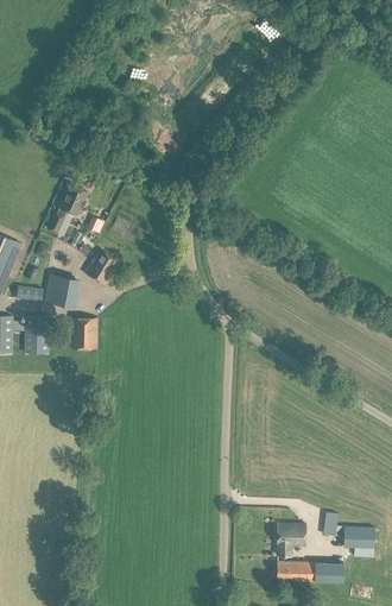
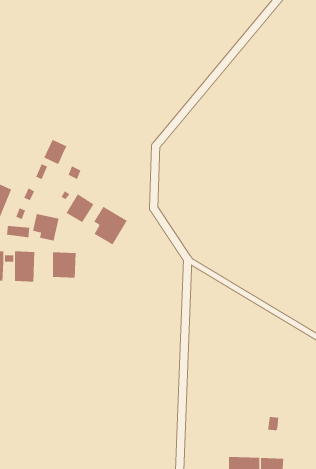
building: none -> [93,206,128,246]
building: [277,524,305,555] -> none
building: [342,526,374,549] -> none

